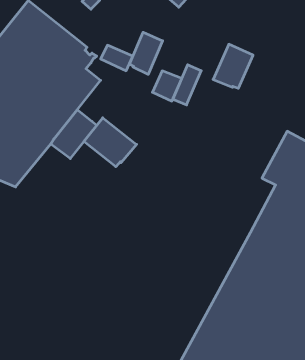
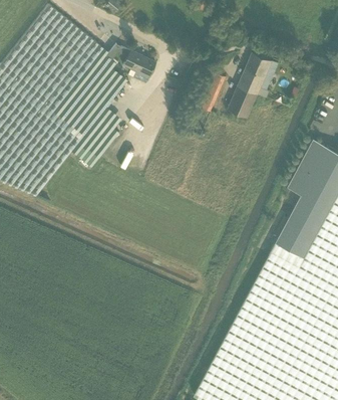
building: [129,32,163,74] -> none
building: [152,71,182,101] -> [228,86,258,118]
building: [84,118,137,167] -> none

